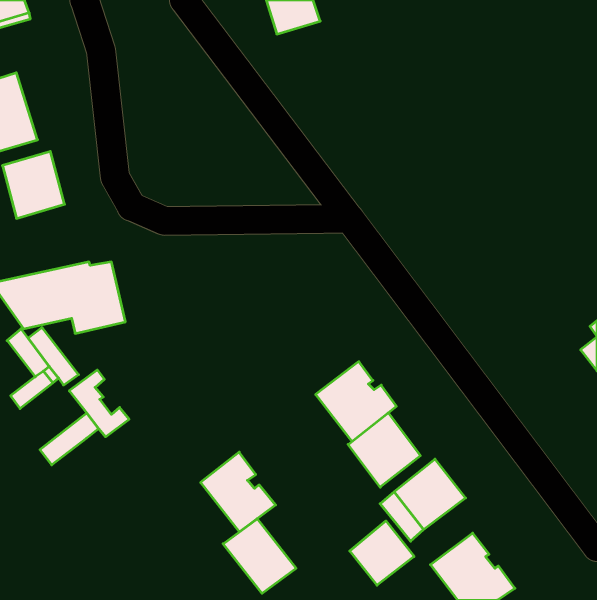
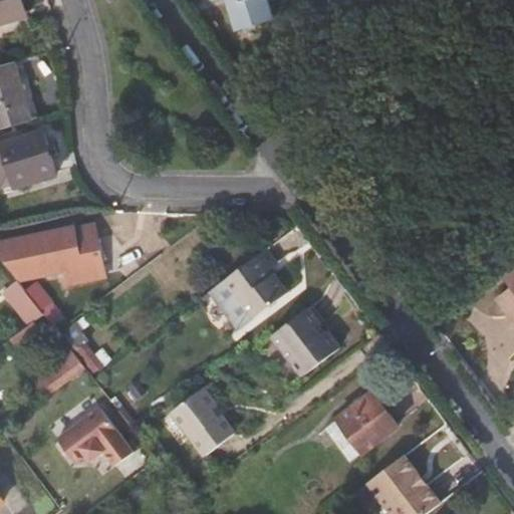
building: none -> [208,249,285,329]
building: [348,413,420,487] -> none
building: none -> [55,407,132,465]
building: [223,519,296,593] -> none
building: [350,521,414,585] -> none

